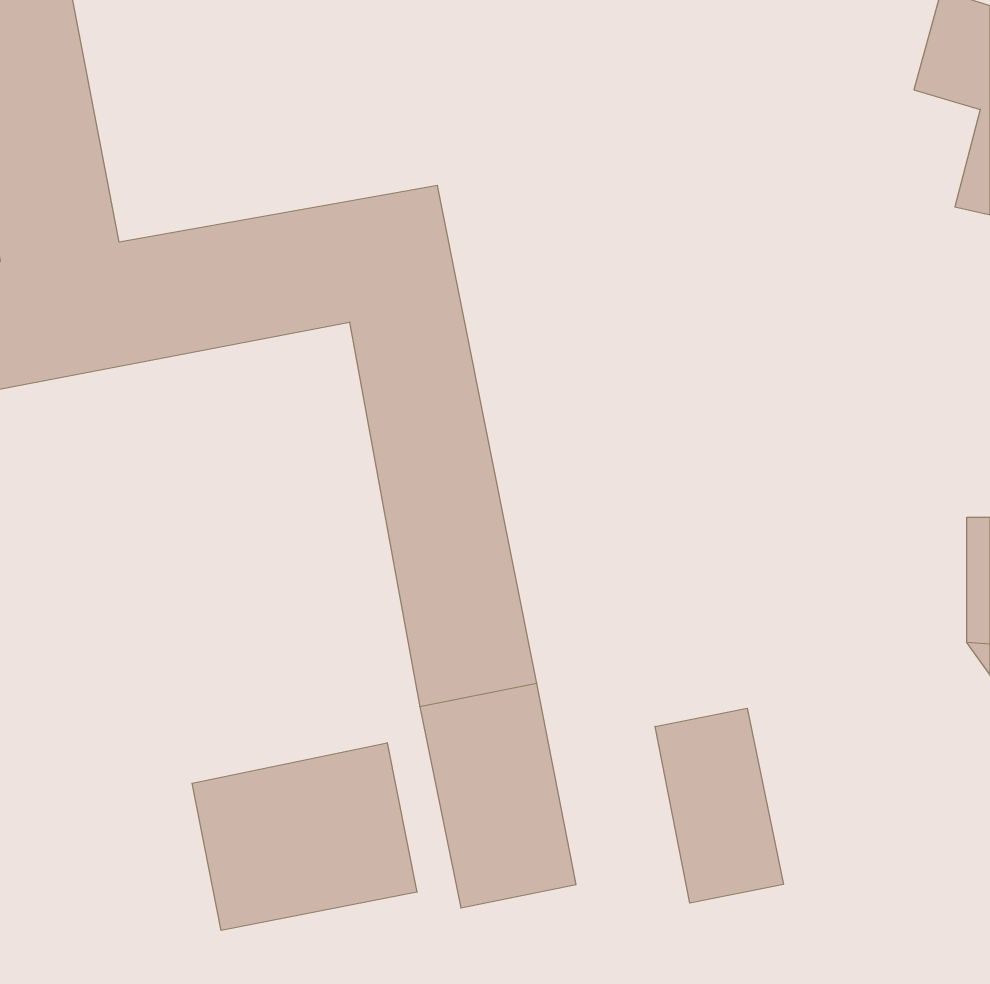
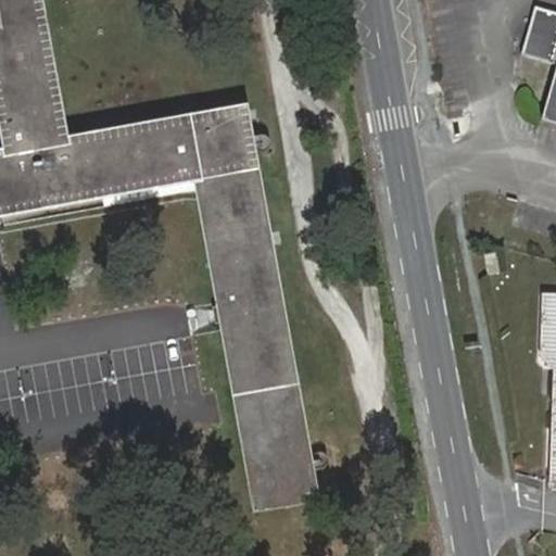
building: [655,708,783,903] -> none
building: [192,743,417,930] -> none

